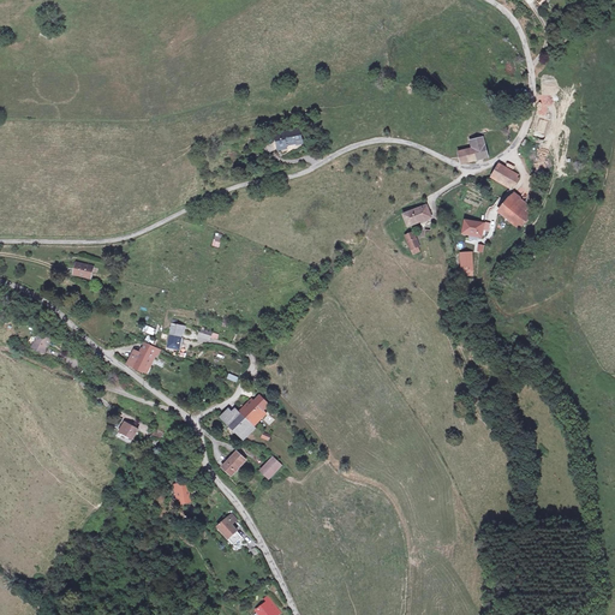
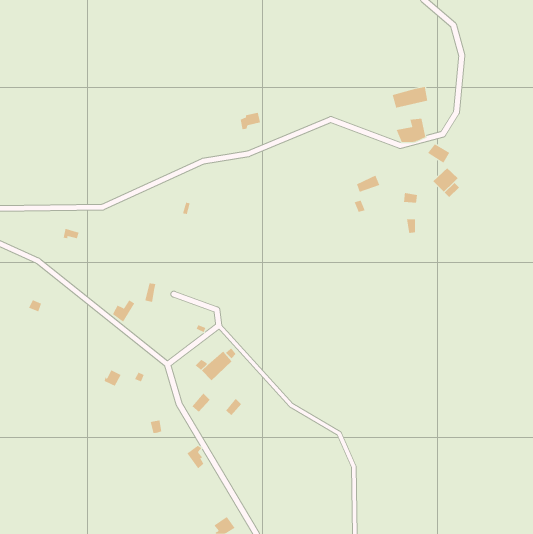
building: none -> [392,86,428,108]

